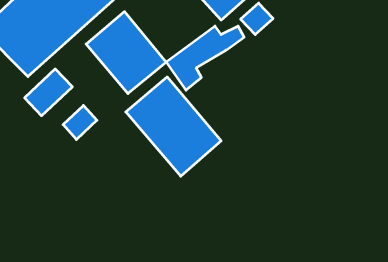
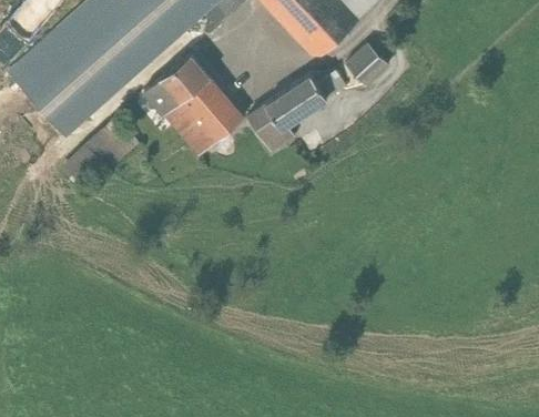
building: [126,77,221,176] -> none
building: [63,105,97,140] -> none

